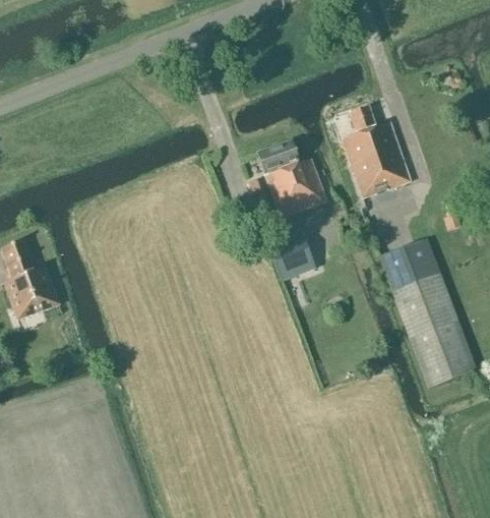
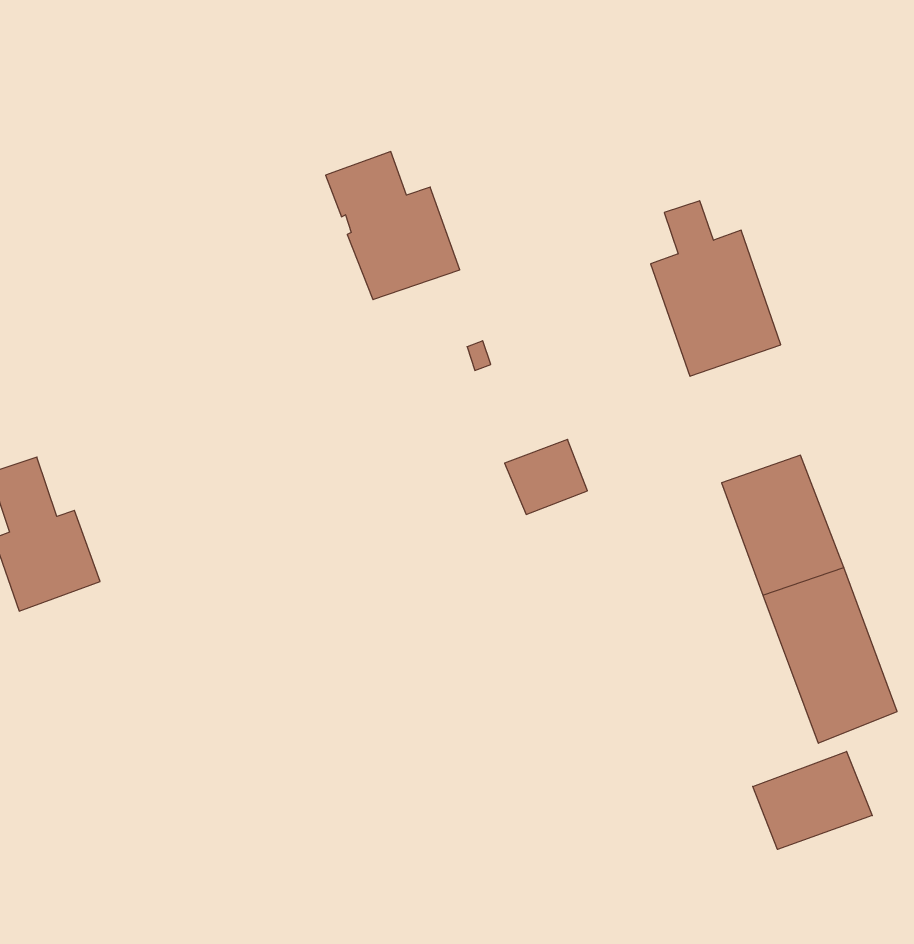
building: [258,140,327,217] -> [326,152,460,300]
building: none -> [753,751,872,849]

